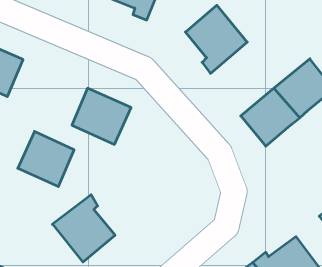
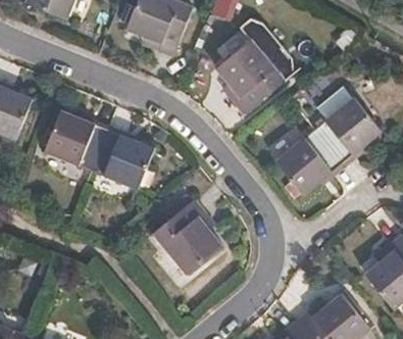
building: [18,131,74,187] -> [46,109,108,171]
building: [52,195,115,262] -> [151,201,220,276]

